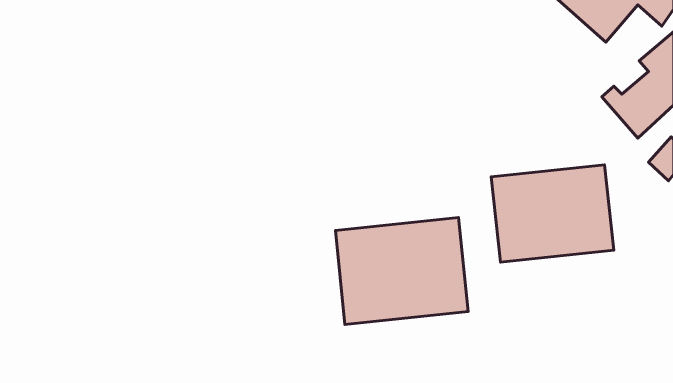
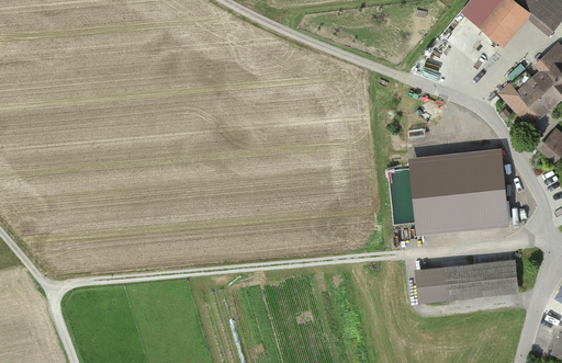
building: [335,217,468,324] -> none
building: none -> [412,258,514,300]

